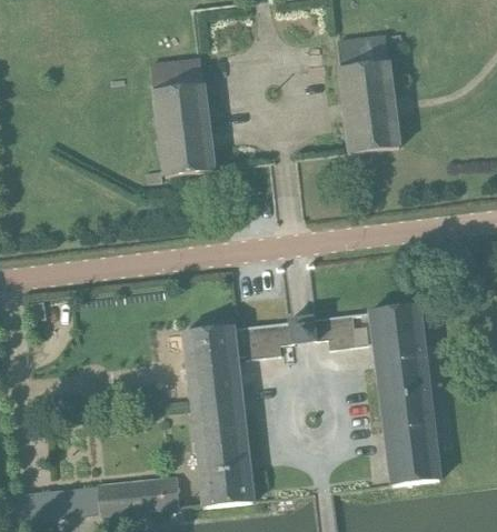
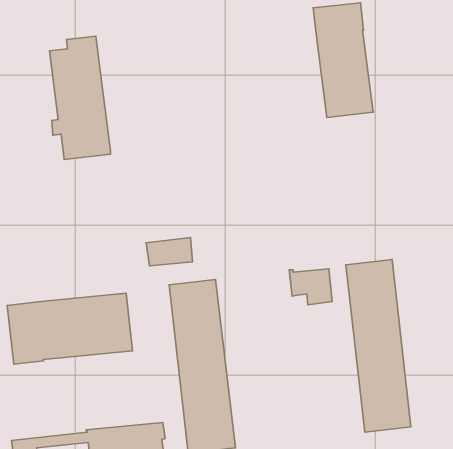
building: [151,48,216,178] -> [50,36,111,159]
building: [242,321,291,351] -> [146,238,193,266]
building: none -> [7,293,133,364]

